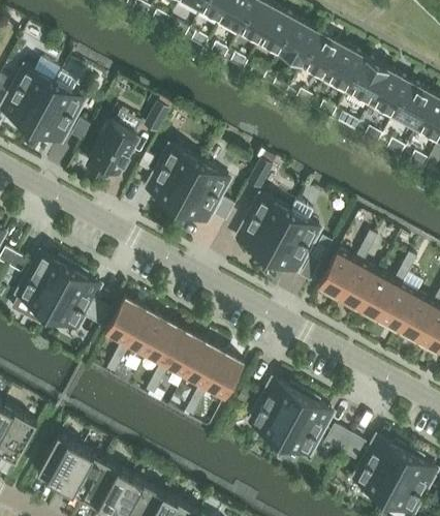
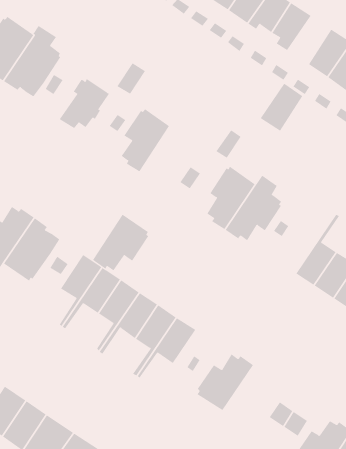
building: [311,40,352,89] -> [260,83,303,131]
building: [175,163,229,221] -> [92,214,149,271]
building: [319,234,374,299] -> none
building: [279,394,325,458] -> none

